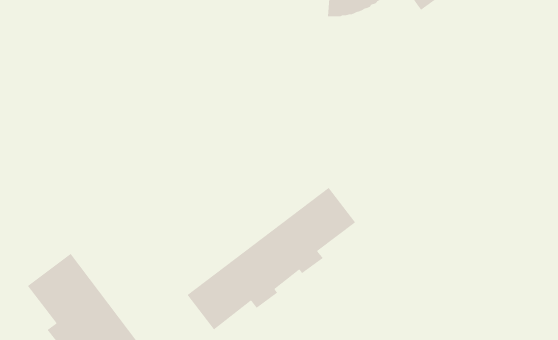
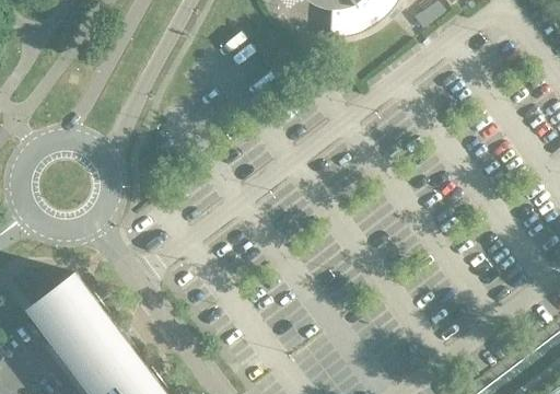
building: [186,187,356,330] -> none

